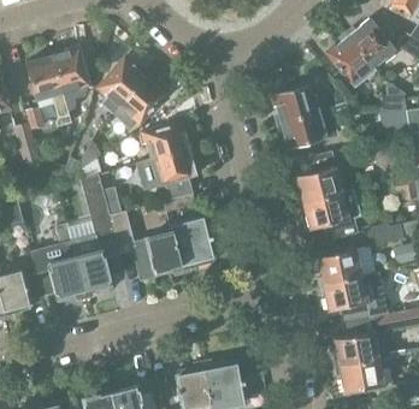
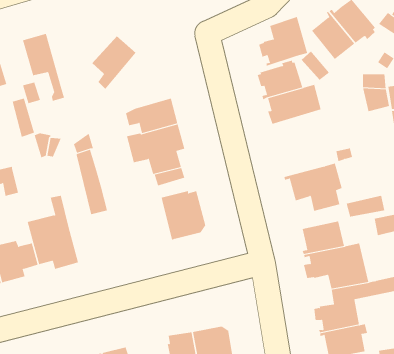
building: none -> [258,16,308,67]
building: [51,48,88,111] -> none
building: [112,76,165,130] -> none
building: [295,152,340,204] -> none
building: [108,212,181,279] -> none
building: [75,250,110,294] -> none

